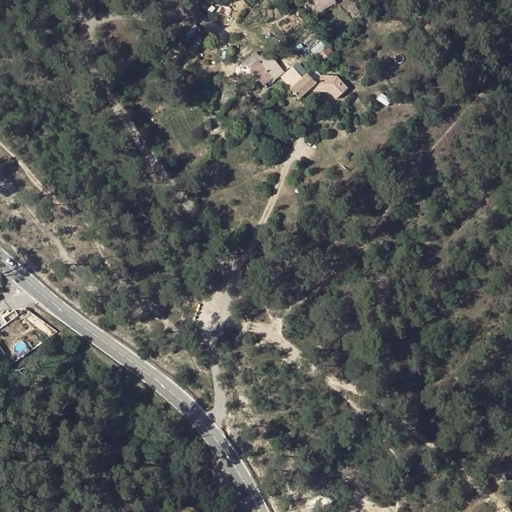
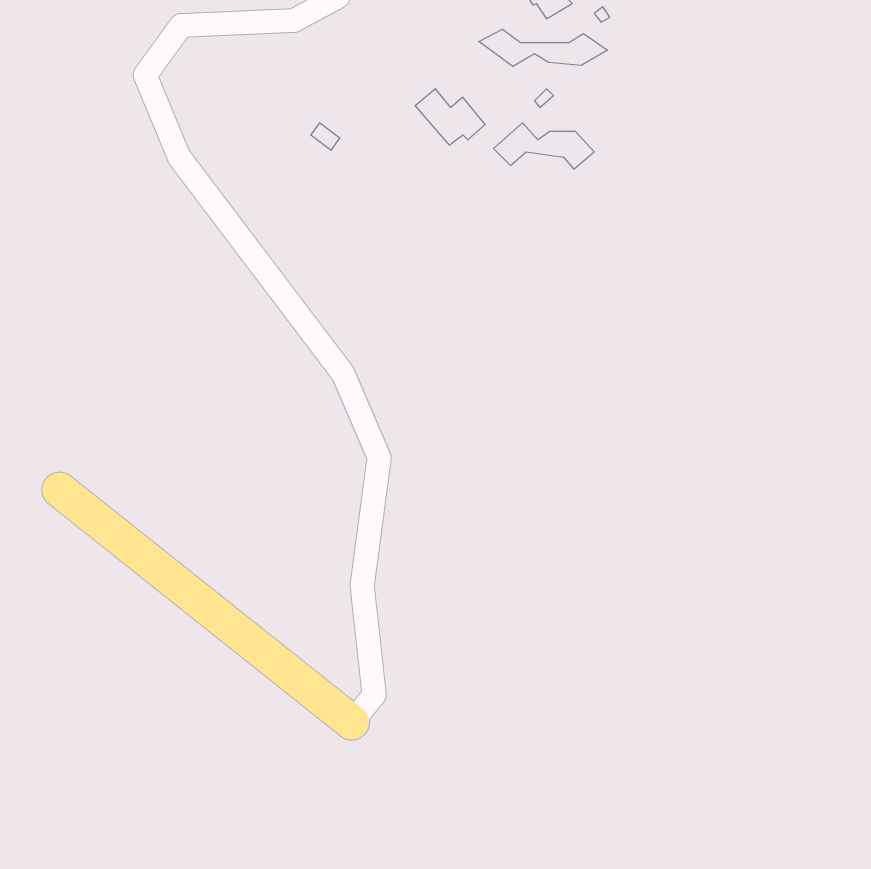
building: none -> [479,29,608,67]

